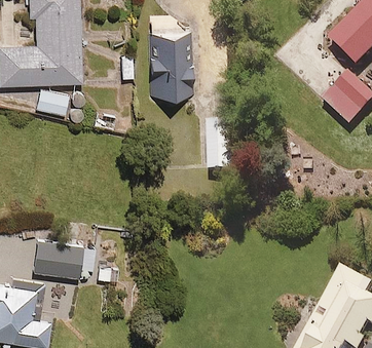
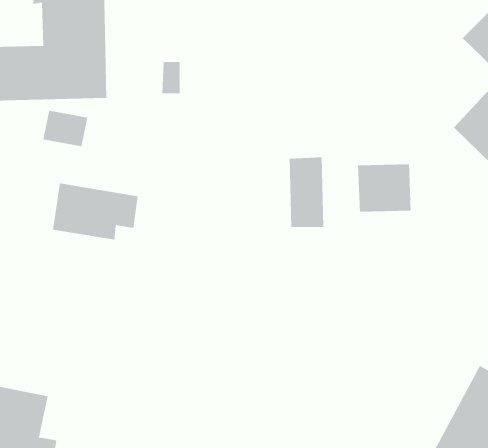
building: [144,26,190,103] -> none
building: none -> [358,164,411,212]
building: [32,236,92,276] -> [52,183,139,240]

